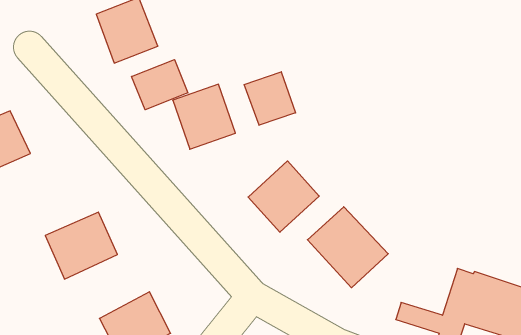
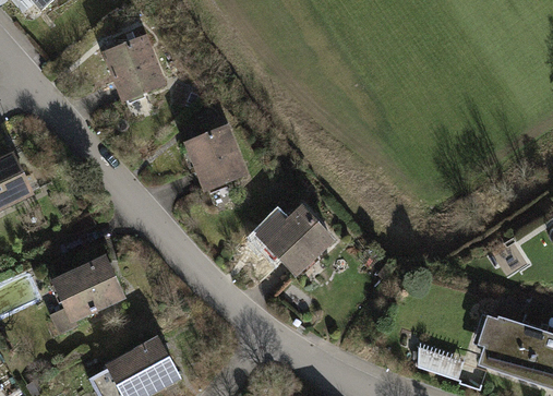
building: [132,60,188,110] -> none
building: [244,72,296,125] -> none
building: [307,207,388,288] -> none

